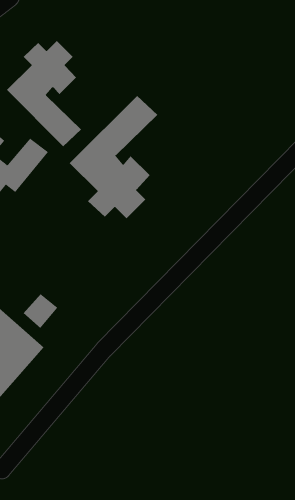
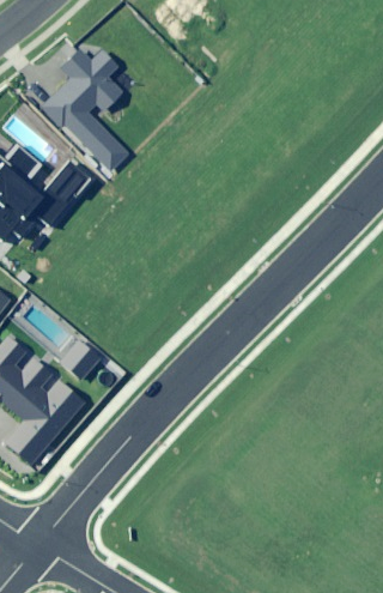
building: [69,95,158,219] -> none

